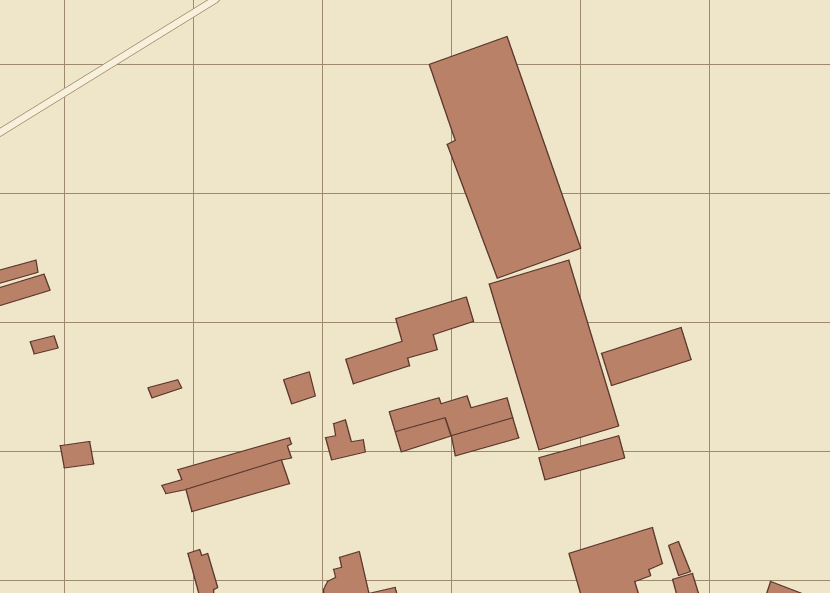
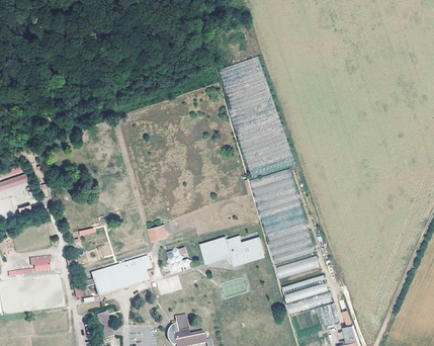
building: [346,297,473,384] -> none
building: [601,328,691,385] -> [283,274,329,304]

